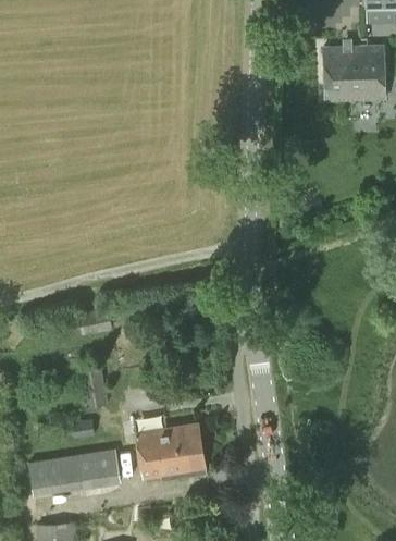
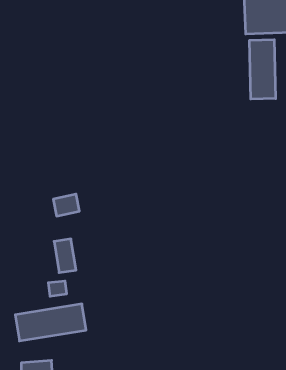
building: none -> [250,40,276,99]
building: [136,425,206,478] -> none

